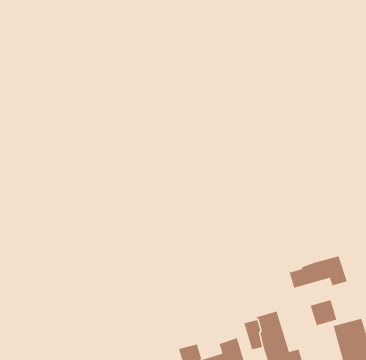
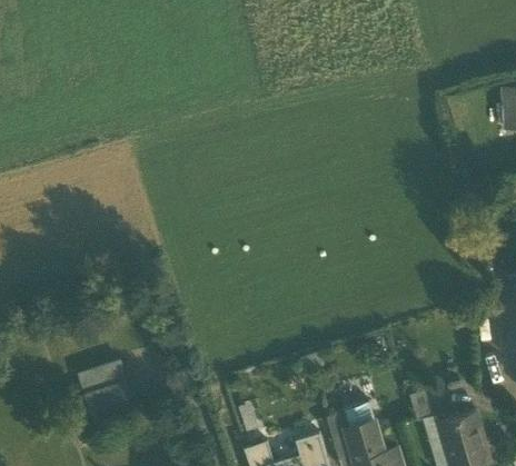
building: [289,255,347,289] -> none
building: none -> [79,363,137,424]

